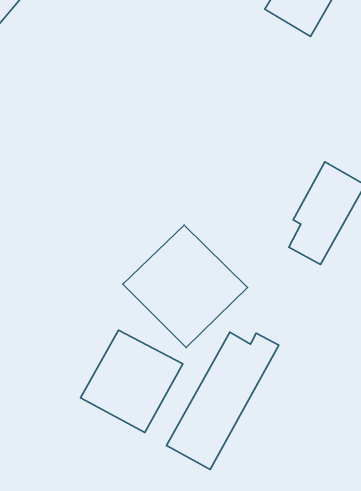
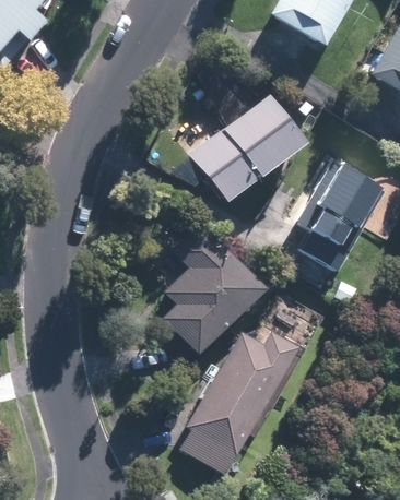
building: none -> [200,104,301,197]
building: [80,330,183,433] -> none

